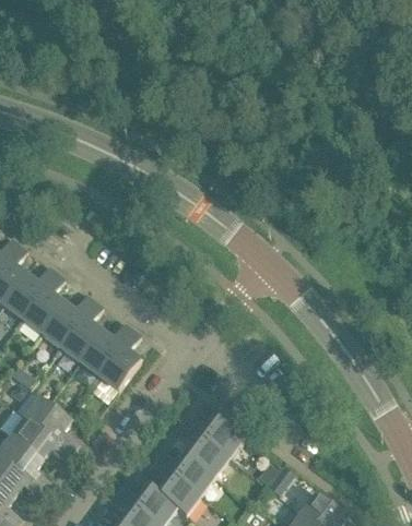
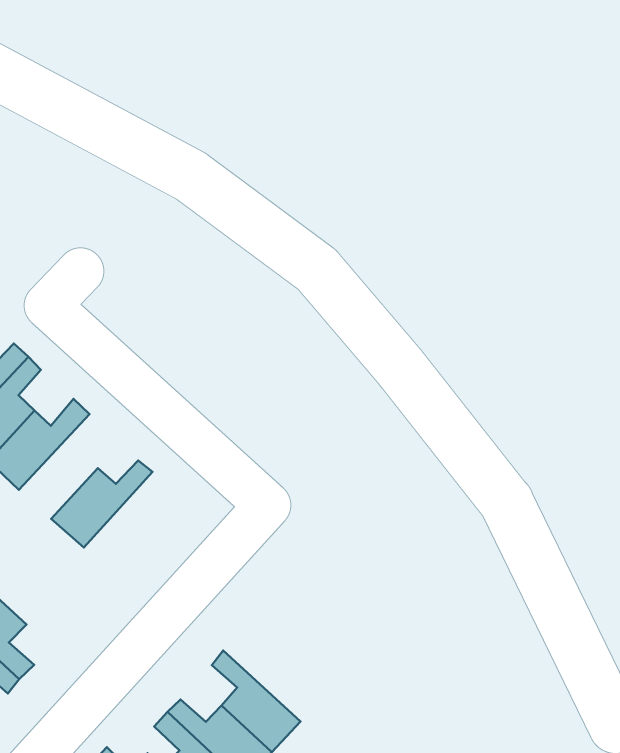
building: [59,300,103,360] -> none
building: [98,328,140,388] -> none
building: [181,415,243,458] -> none

